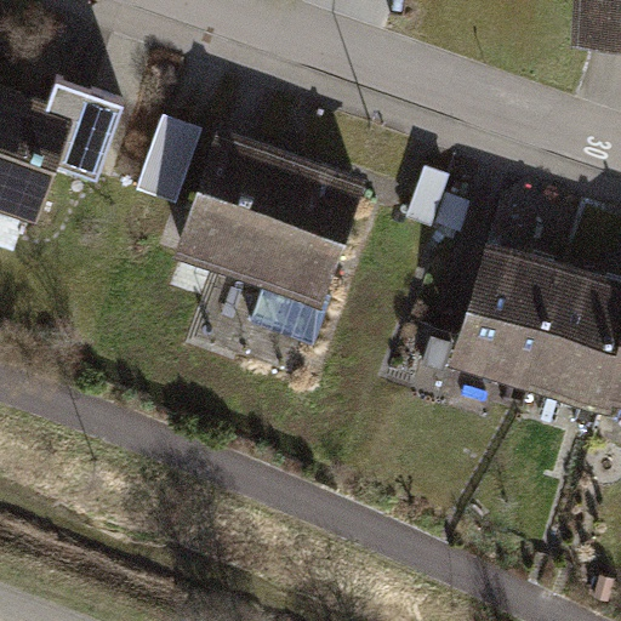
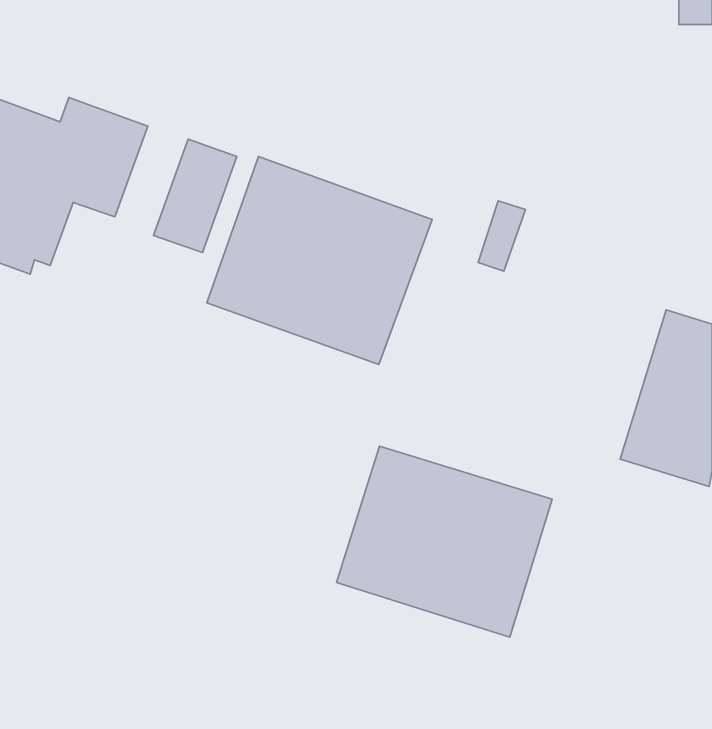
building: [449,239,563,388] -> none
building: none -> [336,446,552,637]

